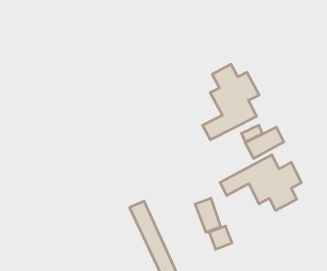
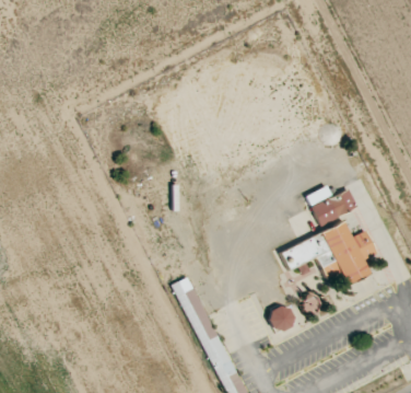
building: [203,64,259,140] -> none
building: [195,198,221,232] -> none

